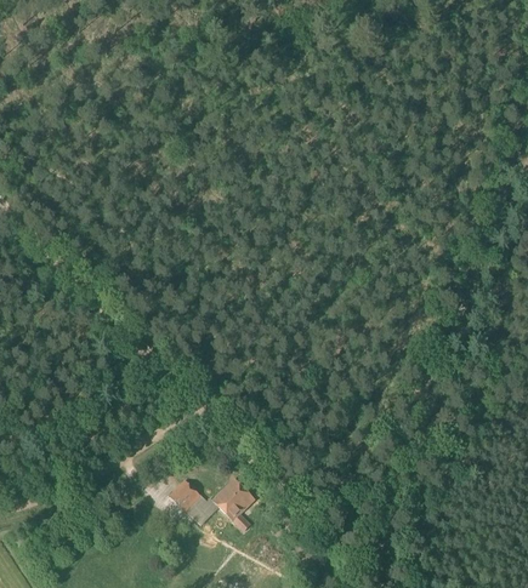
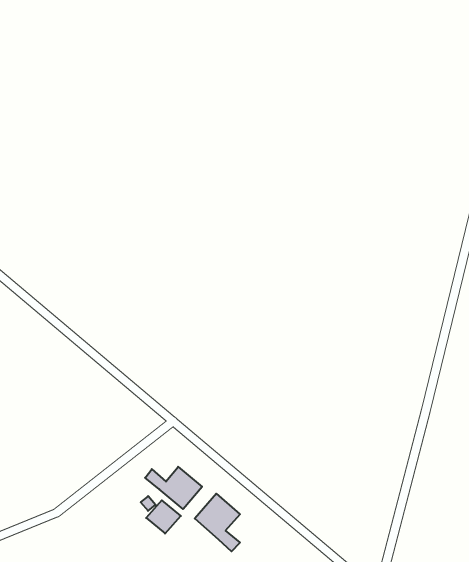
building: none -> [145,467,202,509]

